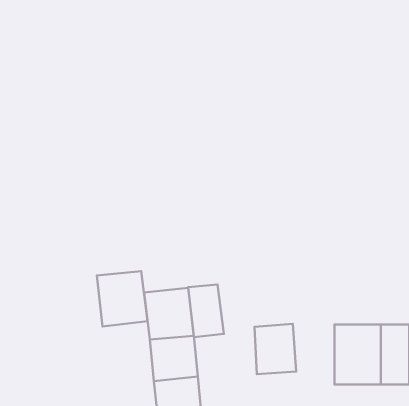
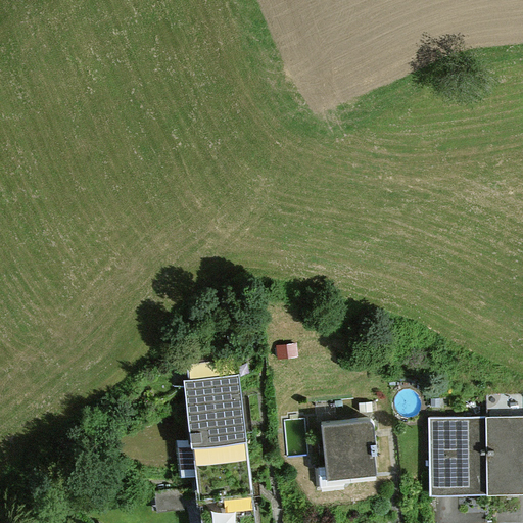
building: [97,271,147,326] -> none
building: [188,285,224,337] -> none

